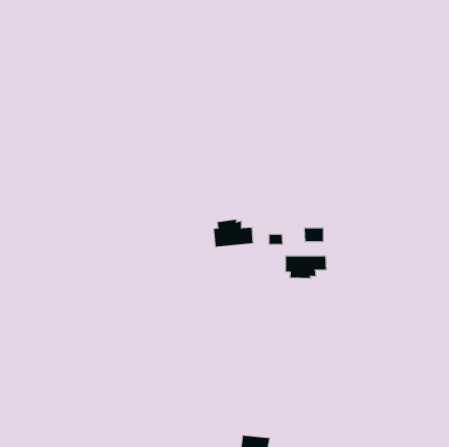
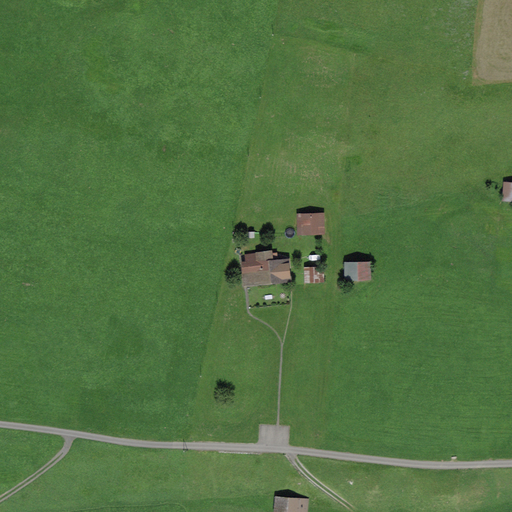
building: none -> [299,215,322,232]
building: [286,256,326,279] -> none

